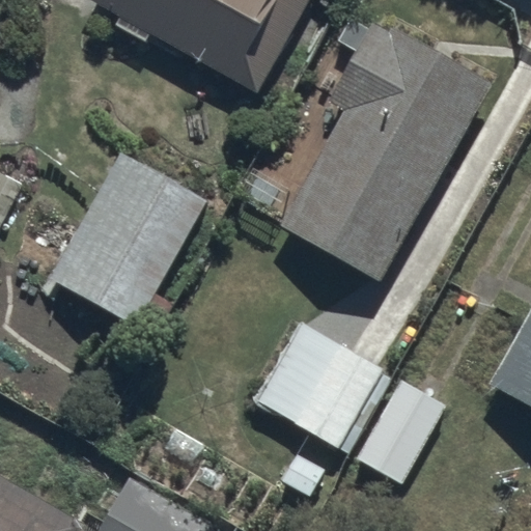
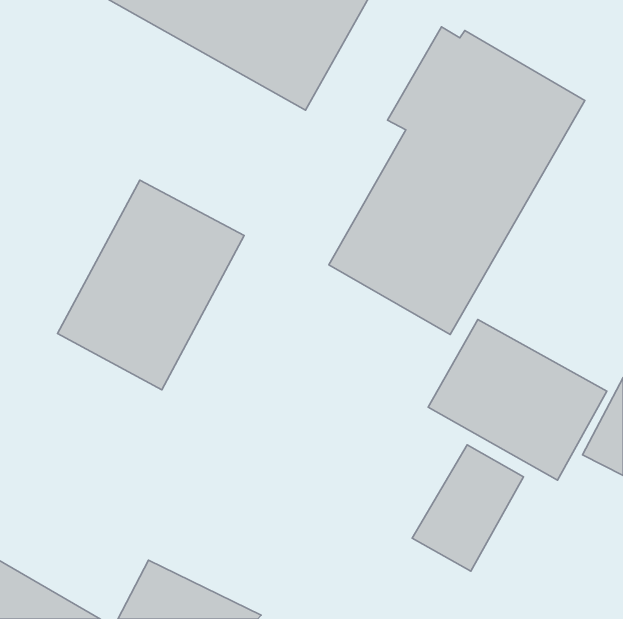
building: none -> [428,319,607,480]
building: [253,320,383,449] -> none

